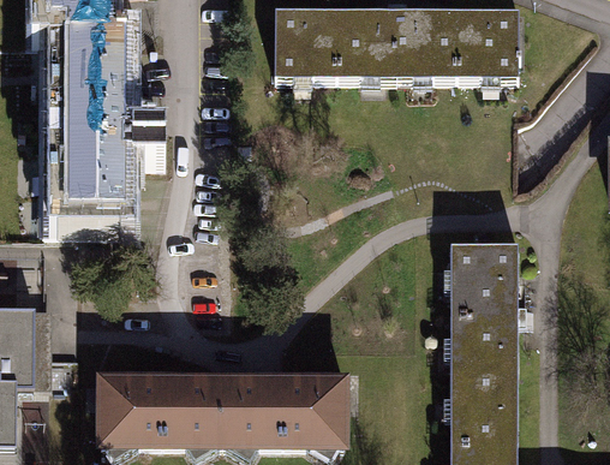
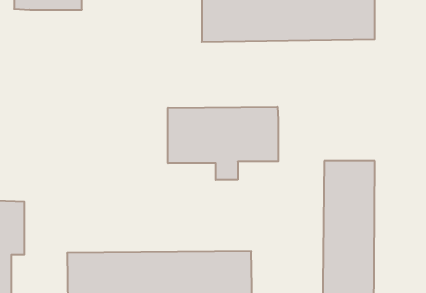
building: [42,37,156,227] -> none
building: none -> [168,107,278,180]

